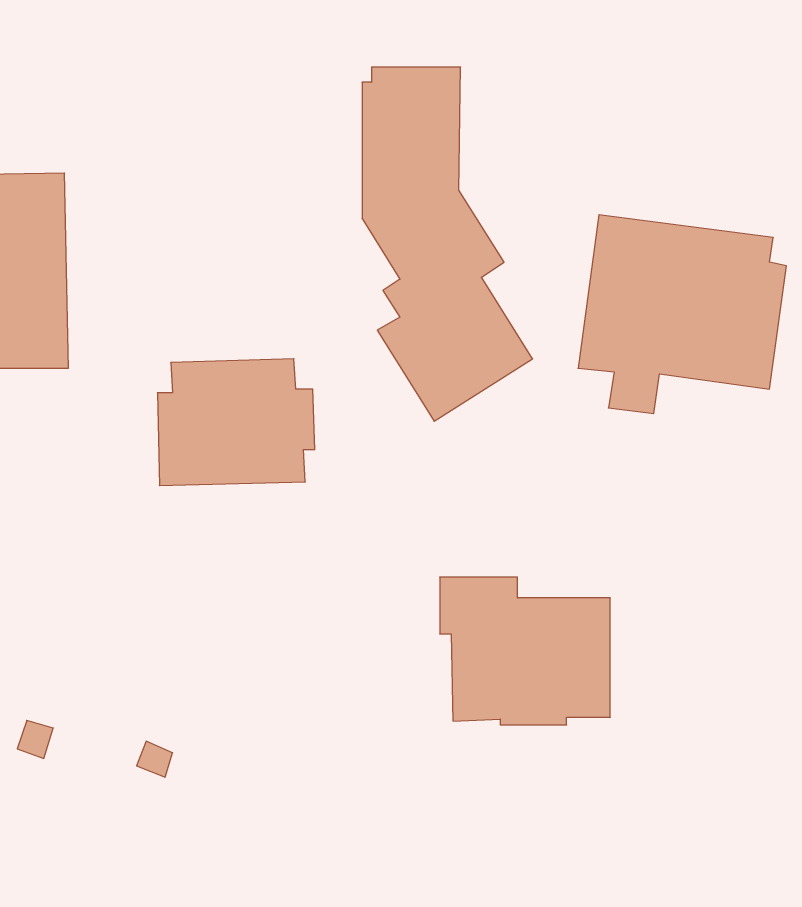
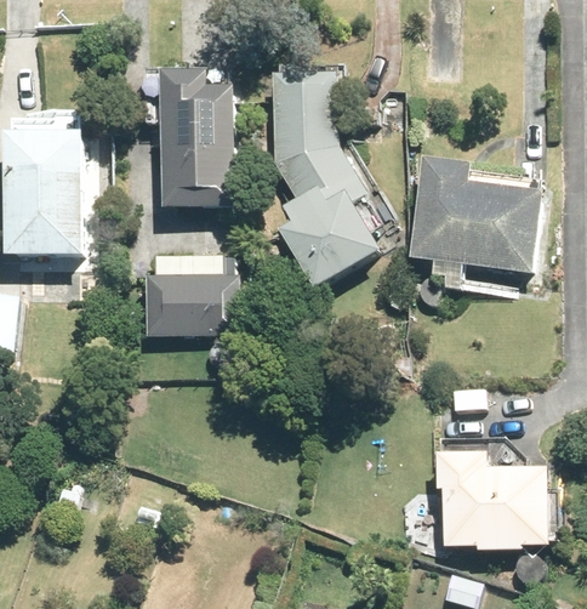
building: none -> [154,62,234,204]
building: [440,577,610,725] -> [438,456,547,551]

